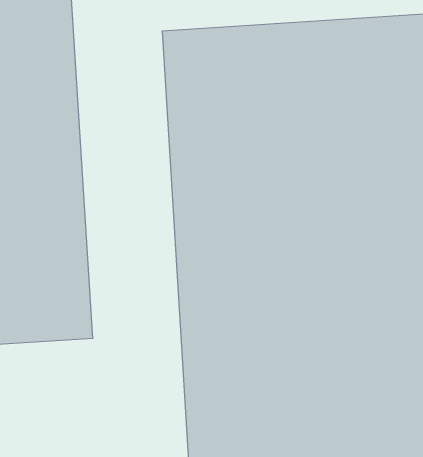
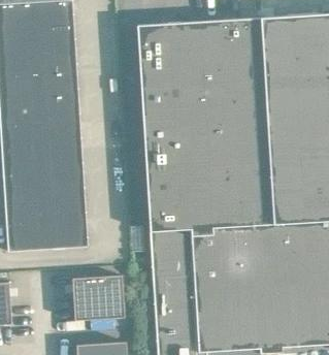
building: none -> [71,276,124,321]

